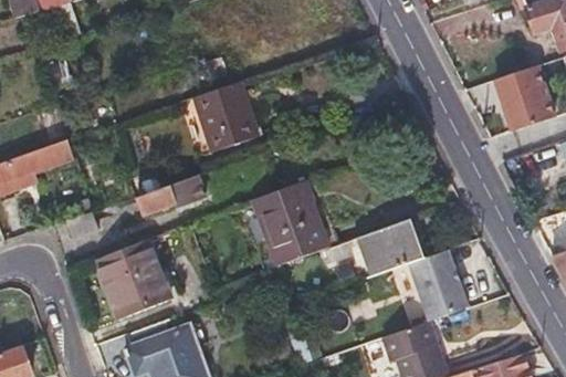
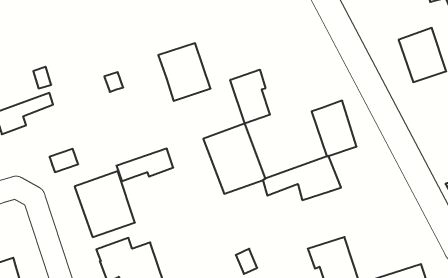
building: none -> [230,70,270,124]
building: [137,175,207,214] -> [116,149,173,181]
building: [409,250,464,318] -> [312,101,357,156]

